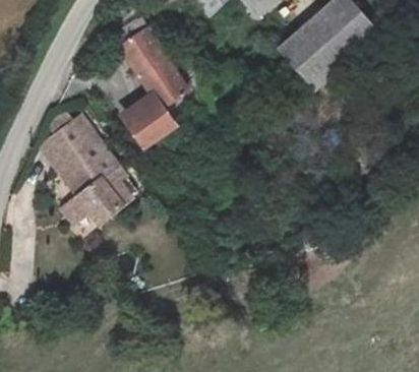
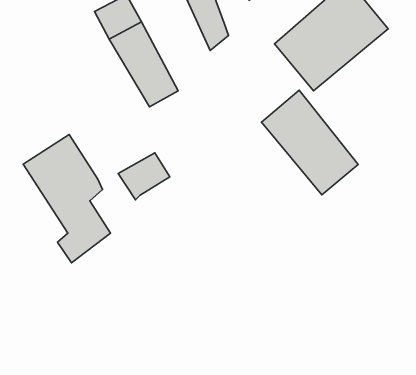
building: none -> [261,90,358,195]
building: [130,105,176,146] -> [118,153,170,200]
building: [41,111,92,156] -> none

